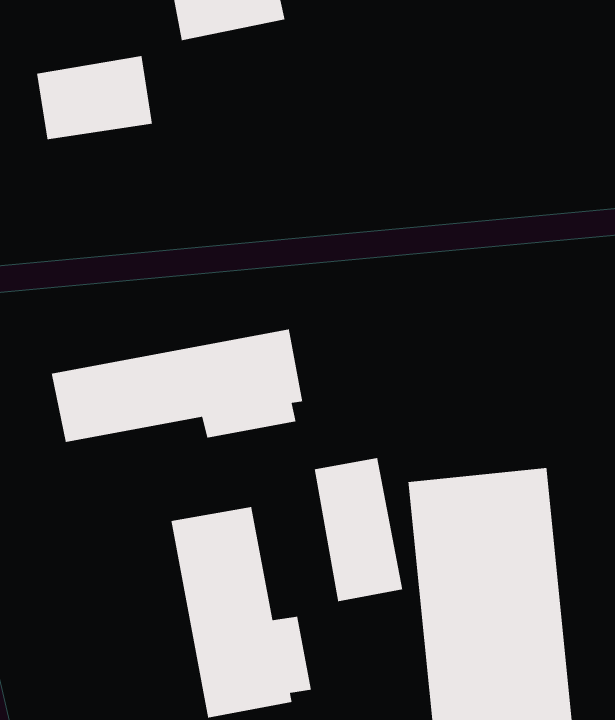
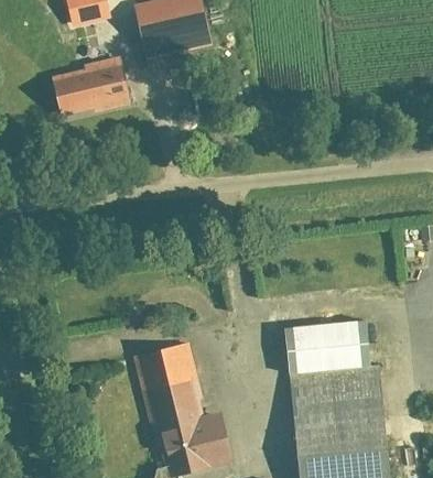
building: [51,328,303,443] -> none
building: [314,457,403,602] -> none

